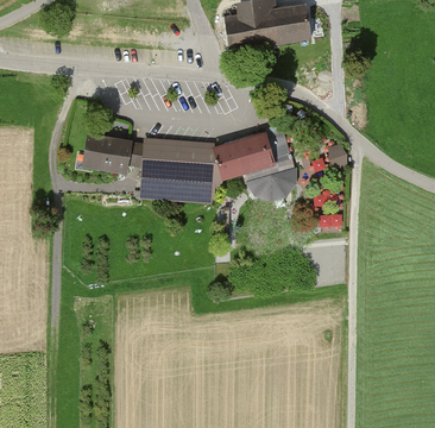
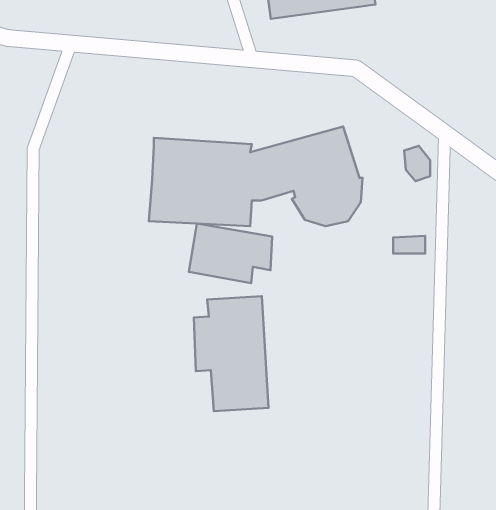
building: [81,133,143,177] -> [189,224,272,283]
building: none -> [194,296,269,411]

